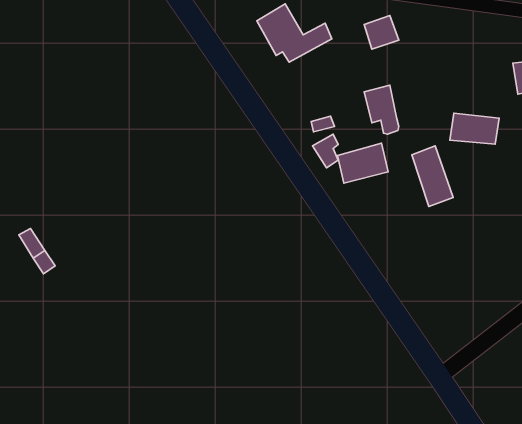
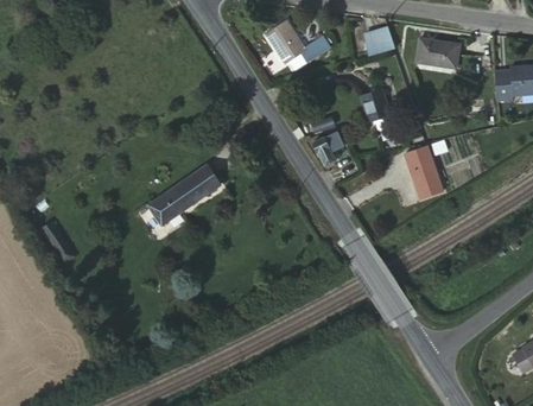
building: [450,113,499,144] -> [415,39,461,68]
building: [338,143,388,183] -> none
building: none -> [150,163,224,223]

